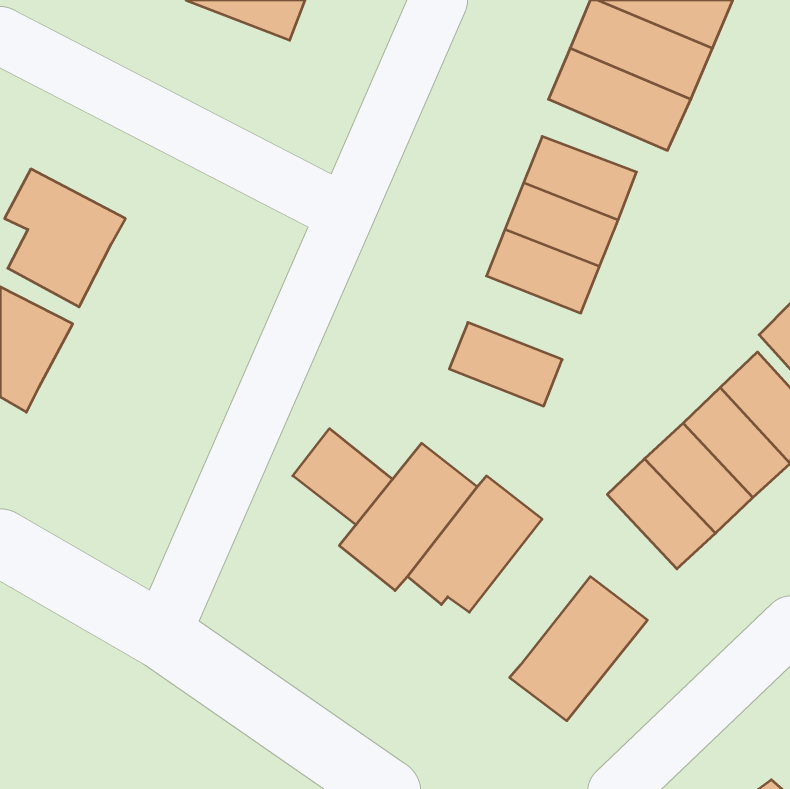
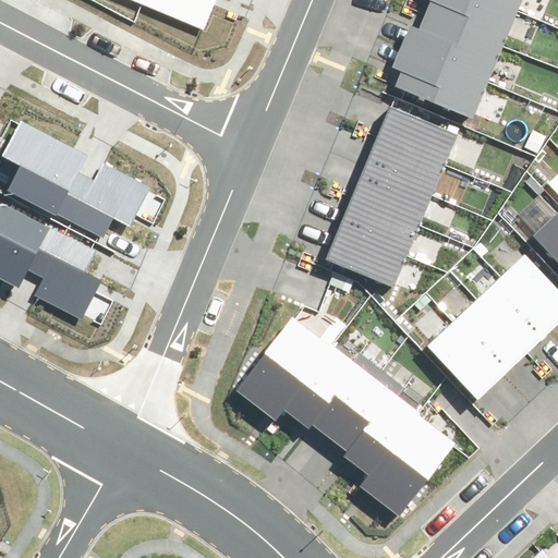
building: none -> [57,166,150,241]
building: none -> [330,196,410,255]
building: none -> [28,230,104,324]
building: [293,429,393,525] -> none
building: none -> [331,367,423,470]

